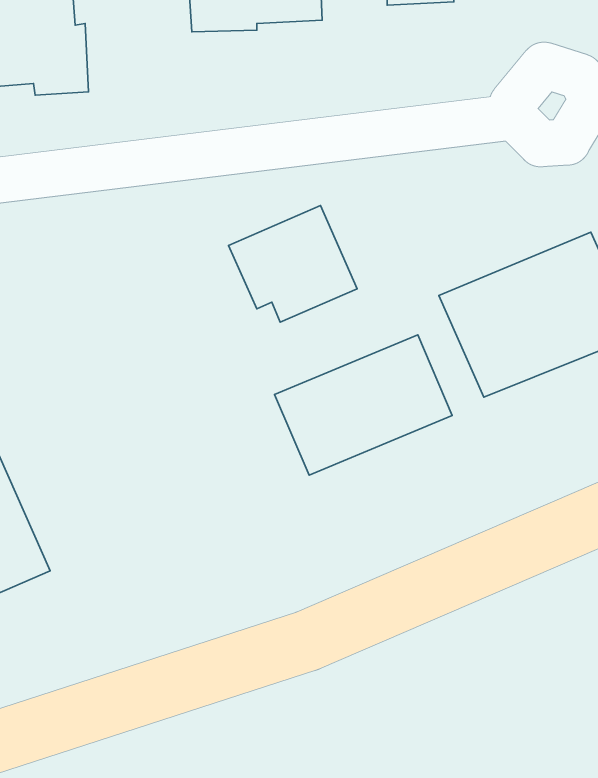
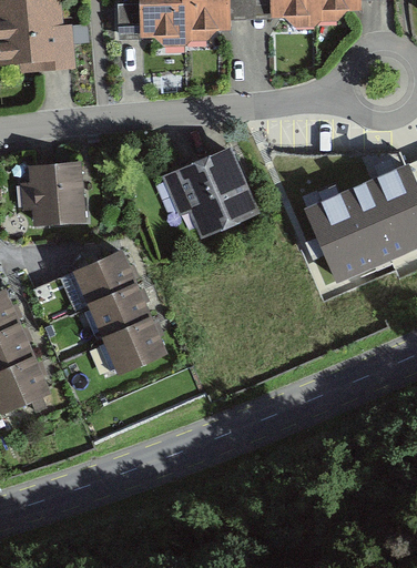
building: none -> [29,165,83,226]
building: [275,335,452,475] -> none
building: none -> [69,253,164,375]

